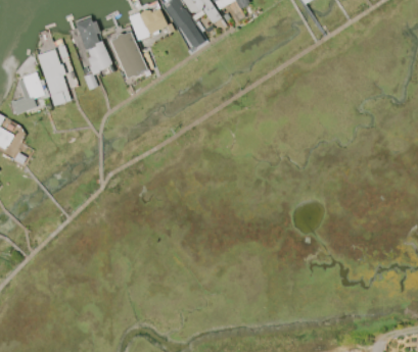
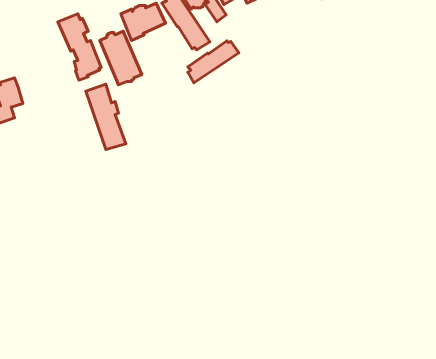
building: none -> [188,41,239,83]
building: [37,48,72,105] -> [86,84,126,150]

